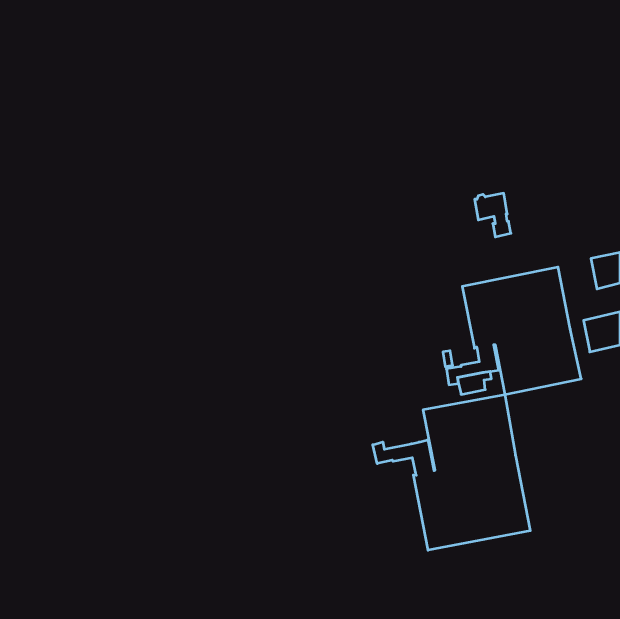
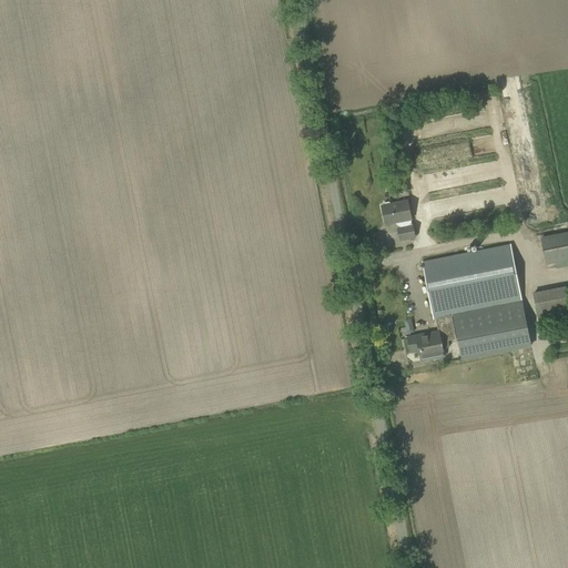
building: [475,193,511,237] -> [382,200,415,240]
building: [373,394,530,550] -> none

